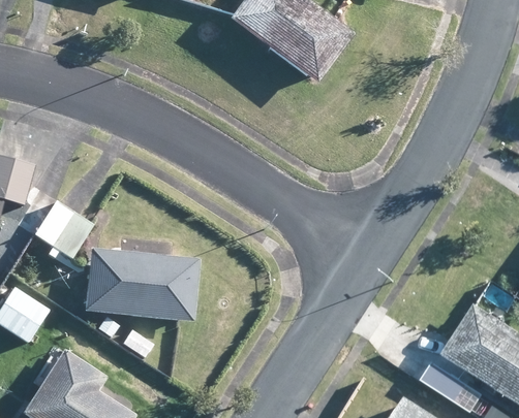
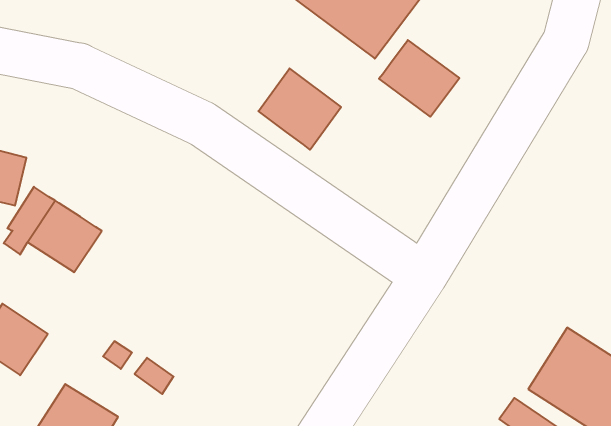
building: none -> [379,40,459,117]
building: none -> [258,68,341,150]
building: [85,248,200,321] -> none

